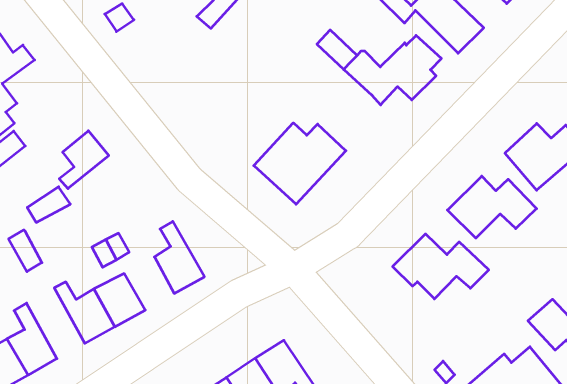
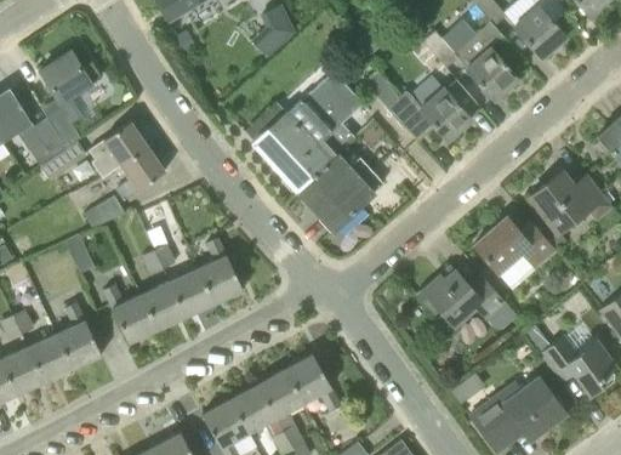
building: none -> [253,70,364,190]
building: none -> [90,123,147,178]
building: none -> [170,268,215,317]

